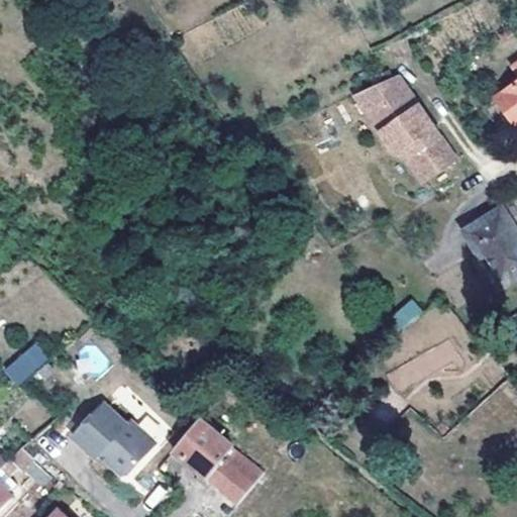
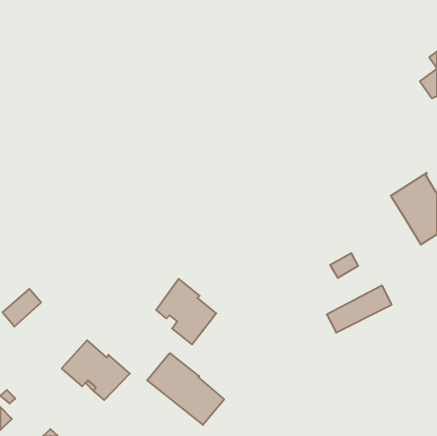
building: [351,76,456,182] -> none
building: none -> [156,279,216,344]

